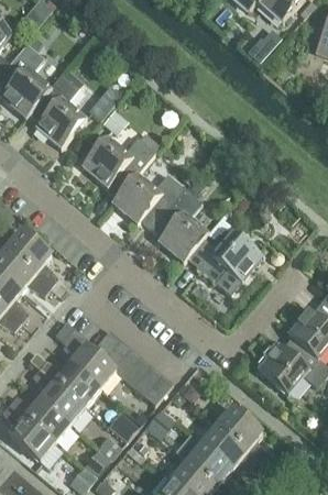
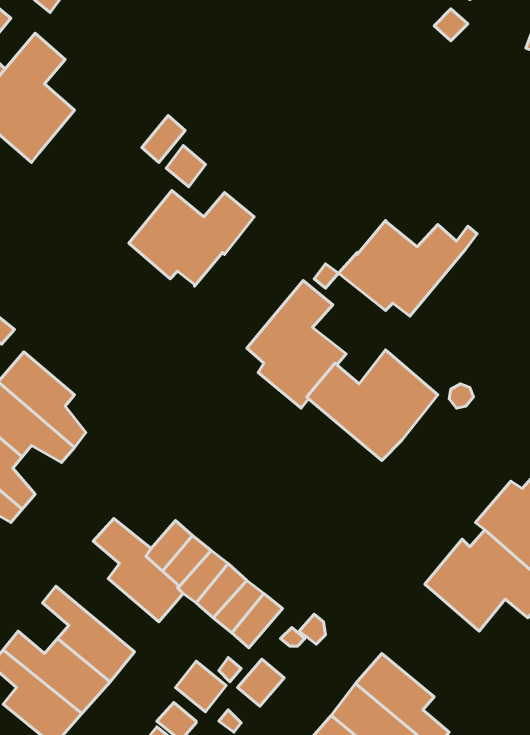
building: [29,74,86,147] -> none
building: [109,172,190,228] -> [339,221,477,316]
building: [39,359,99,406] -> none

